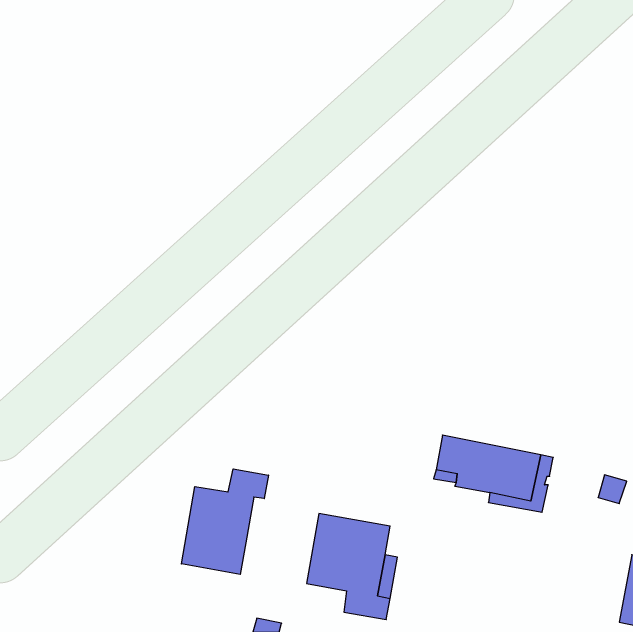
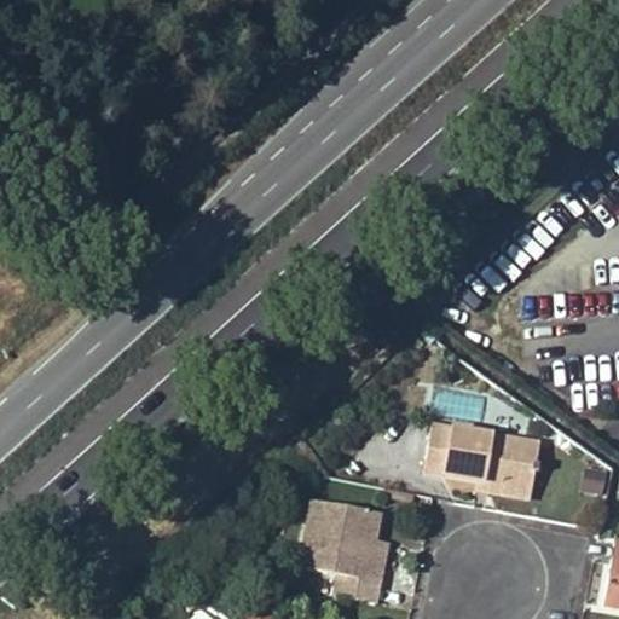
building: [181,469,268,574] -> none

